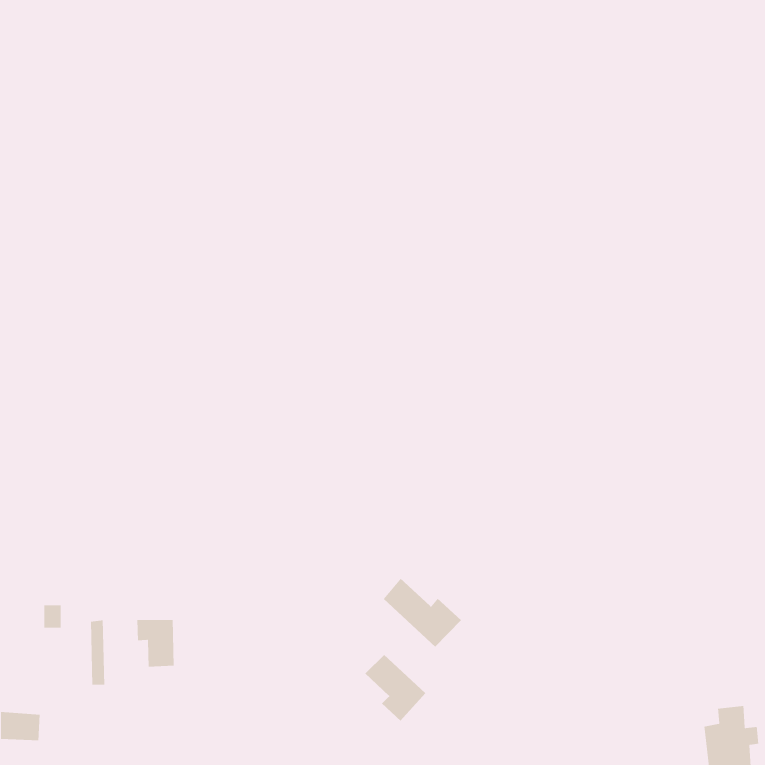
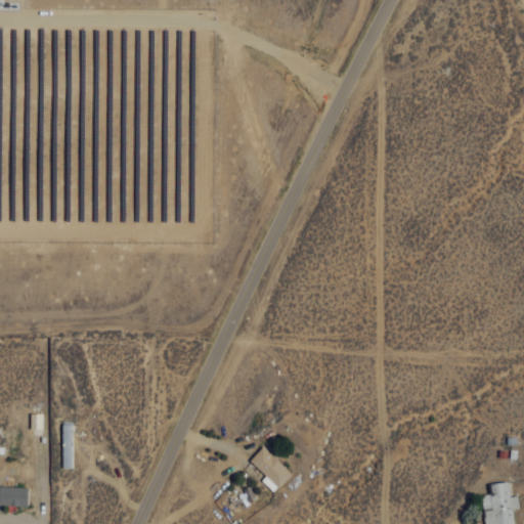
building: [383,578,462,648] -> none
building: [137,619,174,668] -> none

